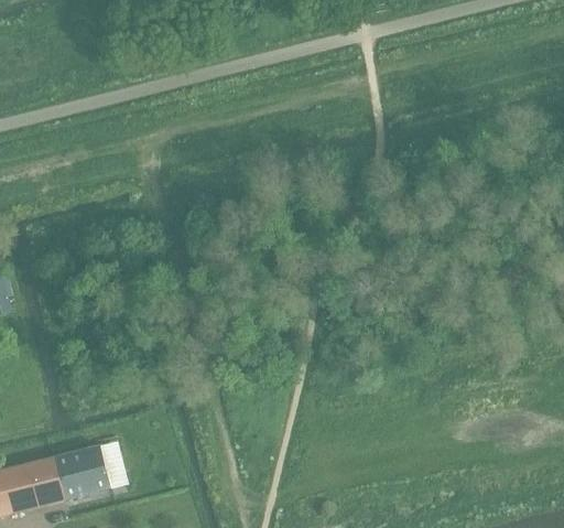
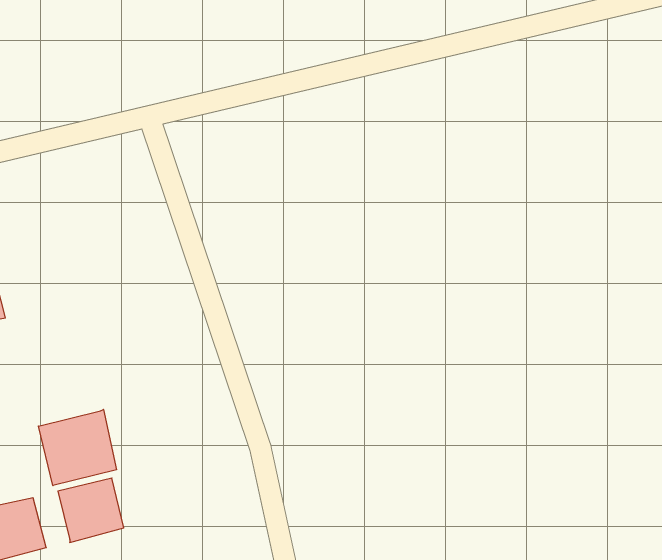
building: none -> [38,409,116,486]

